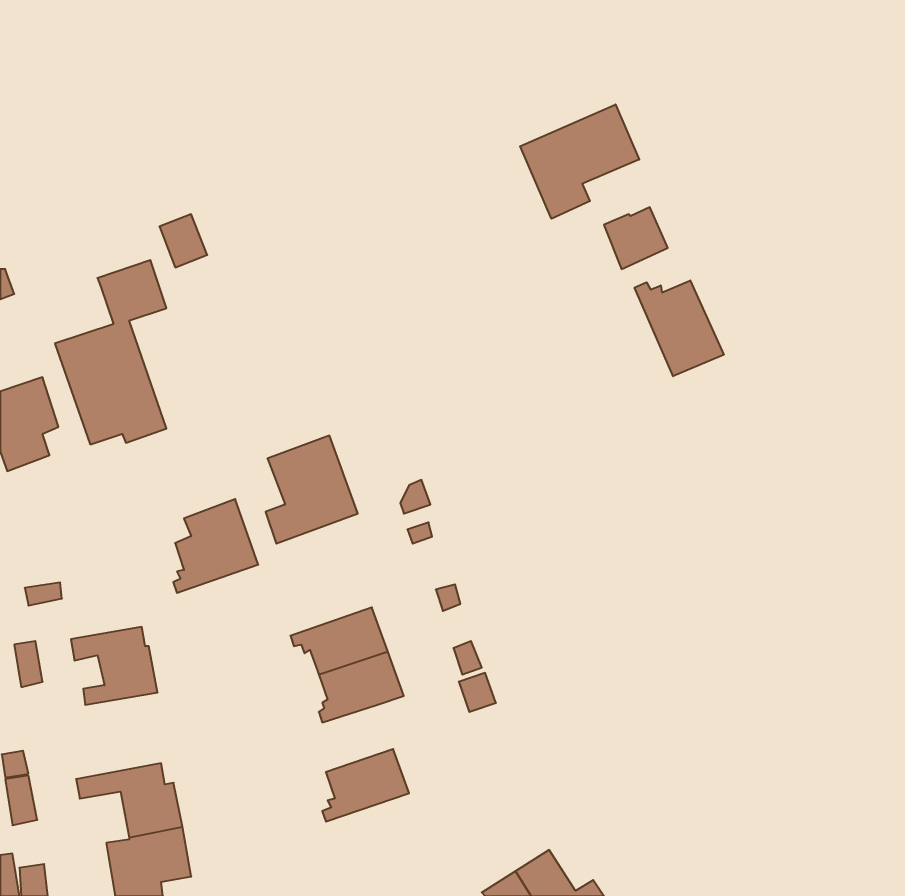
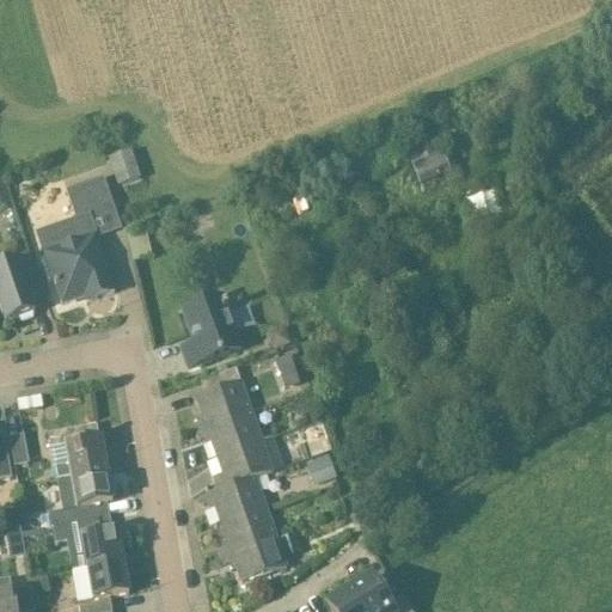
building: [520,104,639,219] -> none
building: [635,280,724,376] -> none
building: [173,499,258,593] -> [194,366,251,429]
building: none -> [49,467,112,526]
building: none -> [198,476,265,521]
building: none -> [220,536,287,582]

